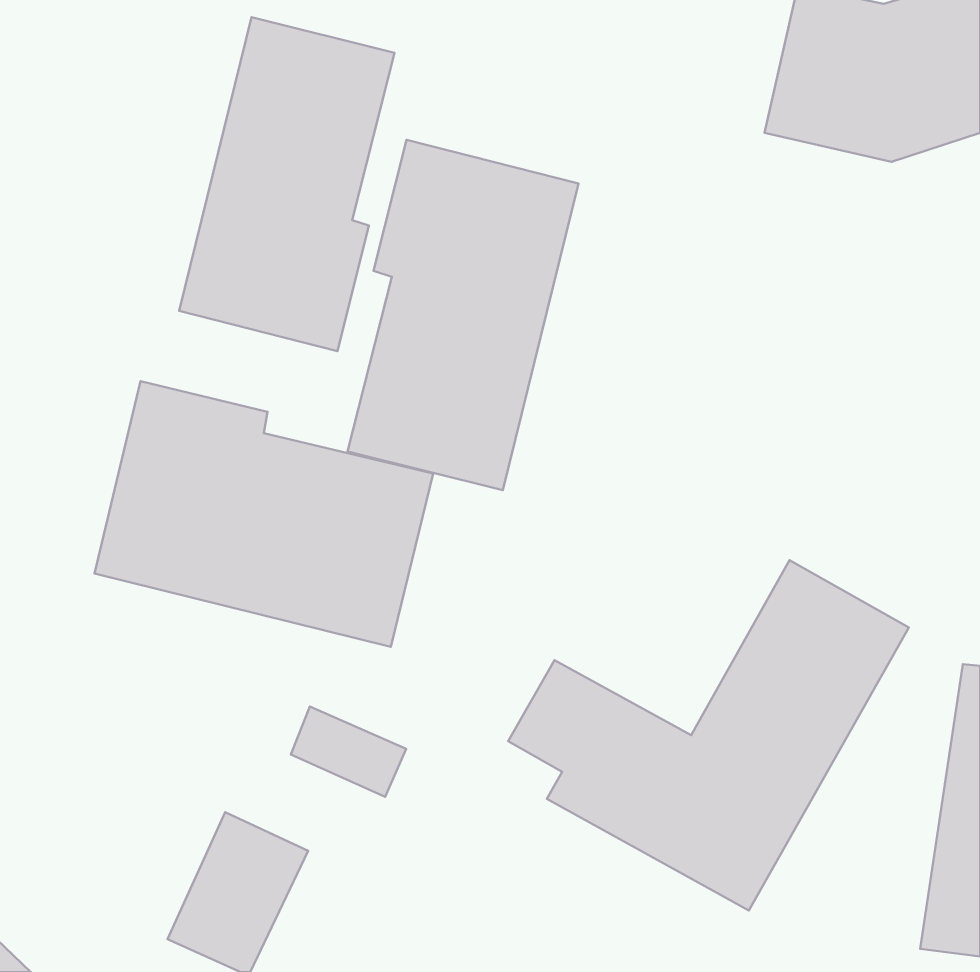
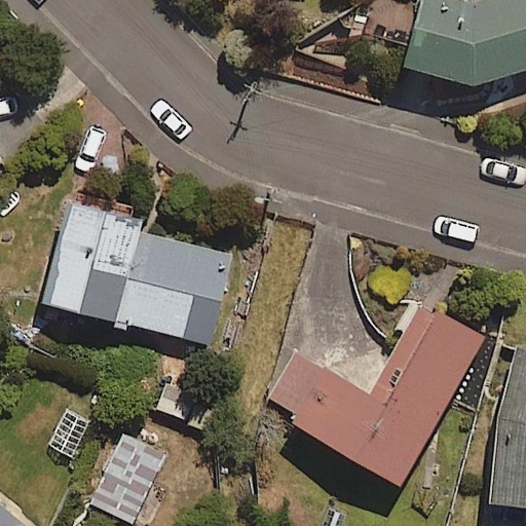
building: [179,17,394,351] -> none
building: [348,140,579,490] -> none

